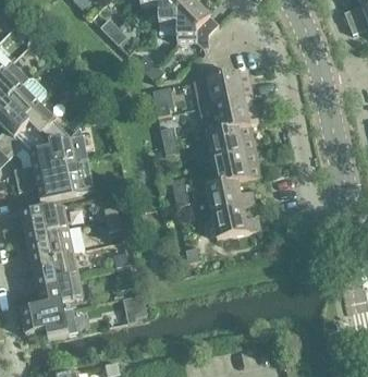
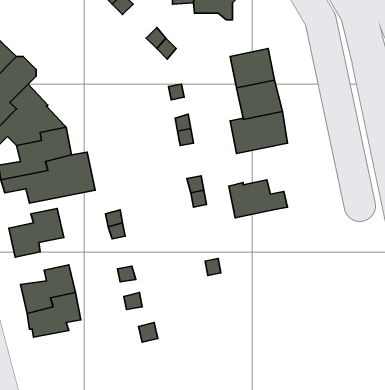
building: [211,150,259,185] -> none
building: [210,206,259,238] -> none
building: [27,229,72,268] -> none
building: [20,305,76,337] -> none

